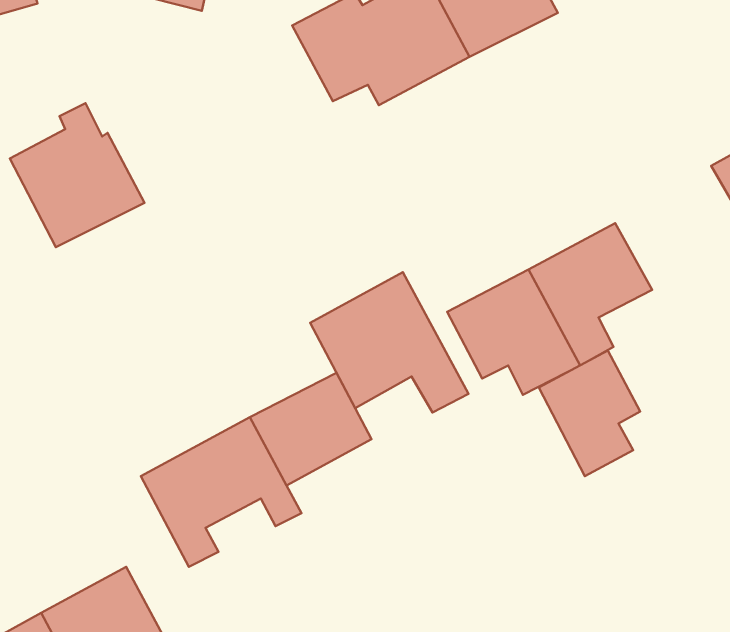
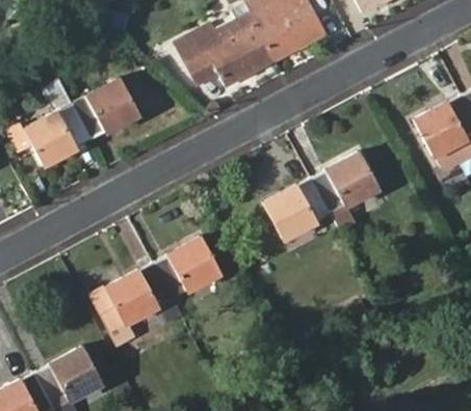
building: none -> [73,77,139,140]
building: [310,272,469,413] -> none
building: [539,351,640,476] -> none

